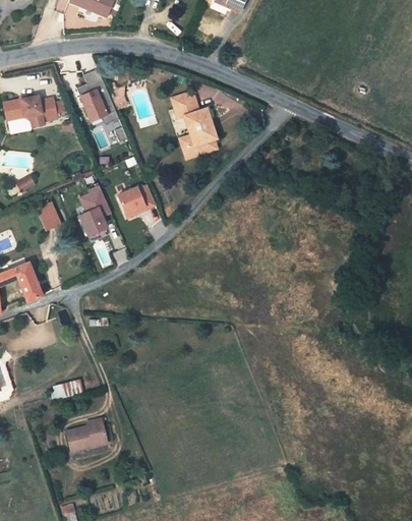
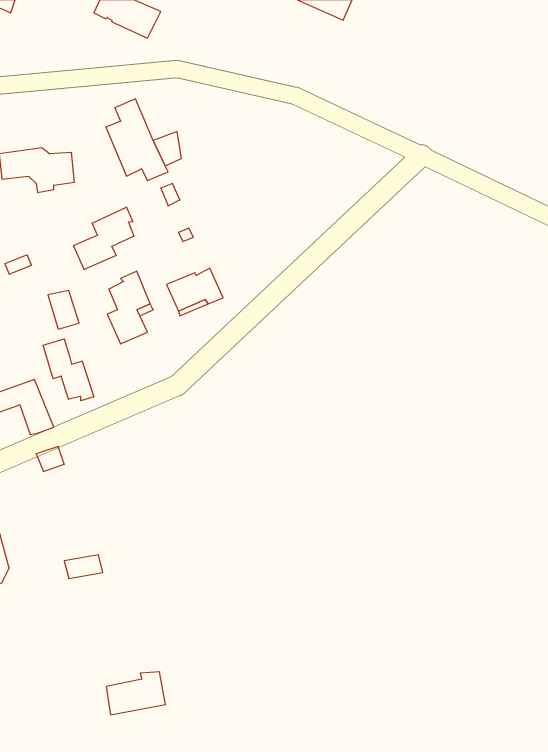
building: [175,93,219,158] -> none
building: none -> [73,207,134,270]
building: none -> [43,339,94,401]
building: [58,423,99,453] -> [106,672,166,715]

